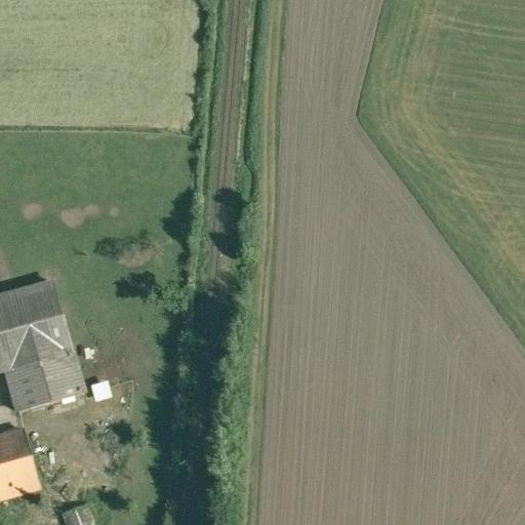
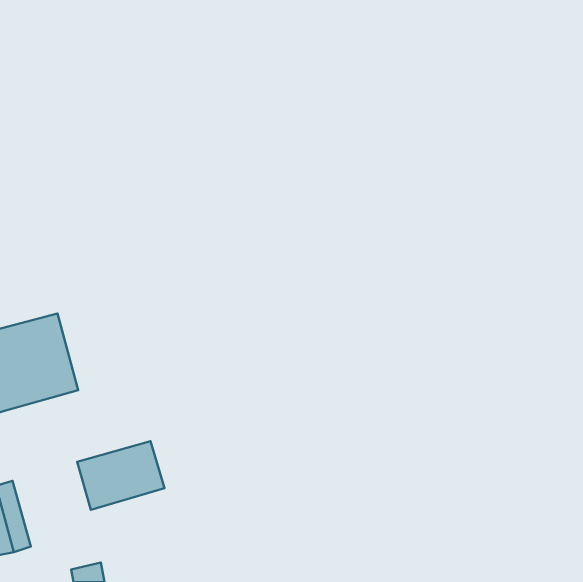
building: [4,349,82,410] -> [77,441,164,510]

